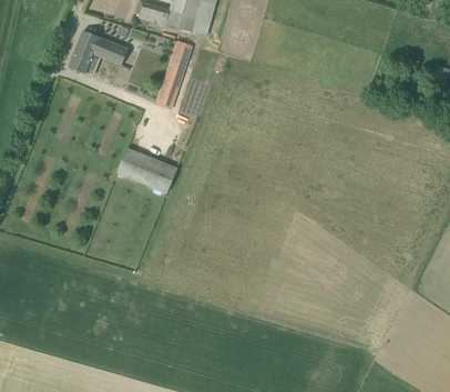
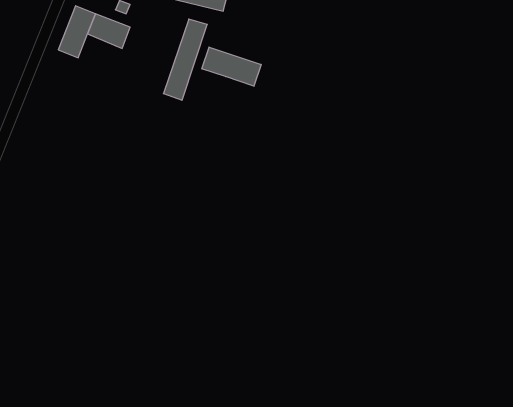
building: none -> [202,47,261,86]
building: [116,148,176,193] -> none

